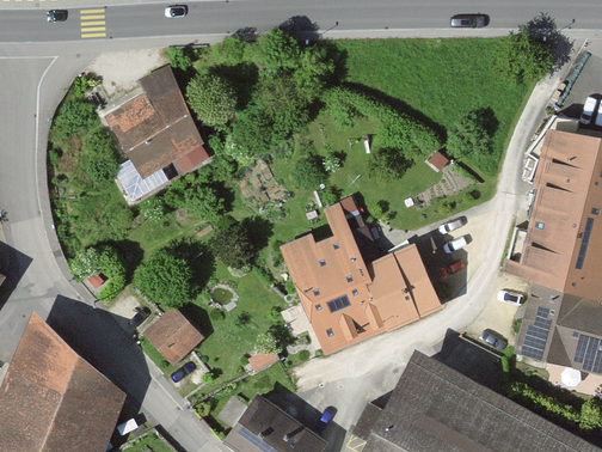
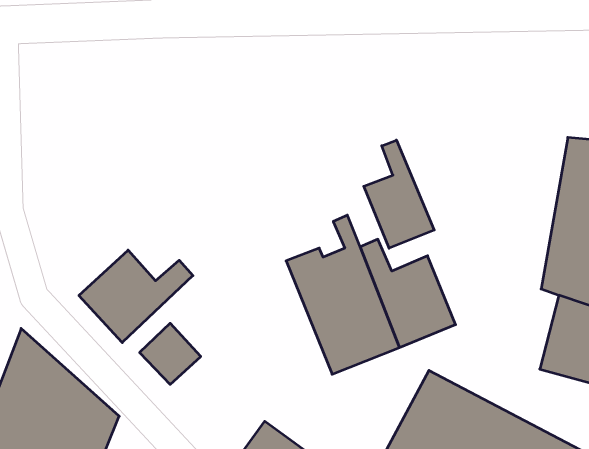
building: [110,67,205,200] -> none
building: none -> [364,140,434,248]
building: none -> [79,250,193,343]

